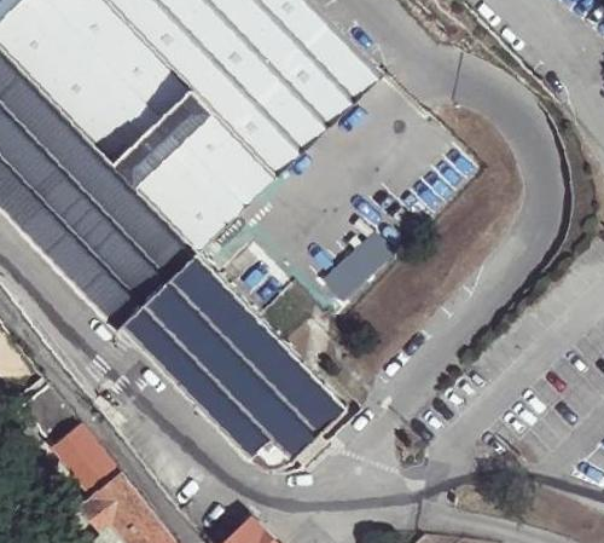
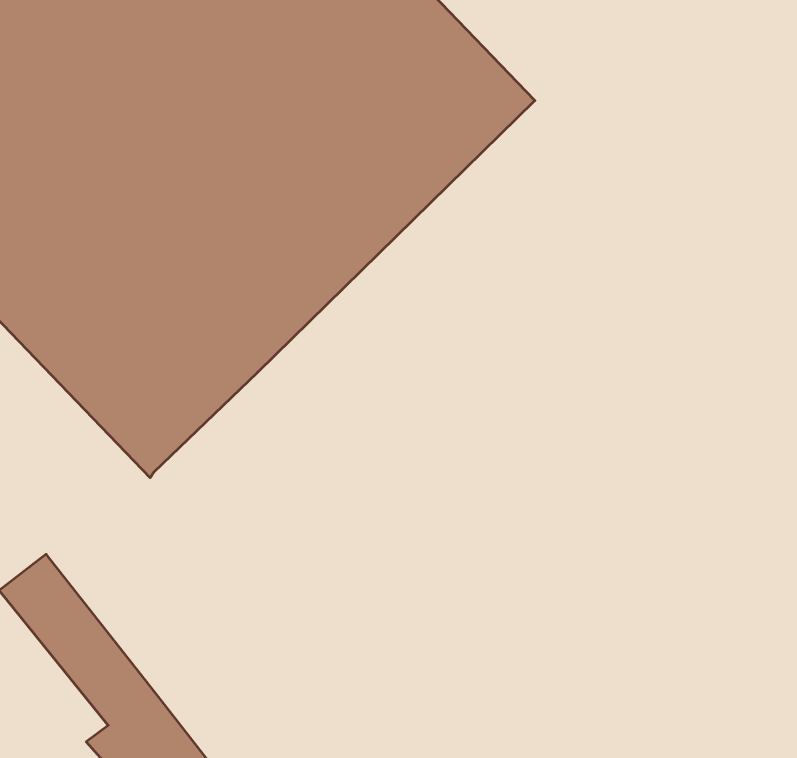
building: [122,259,341,462] -> none

